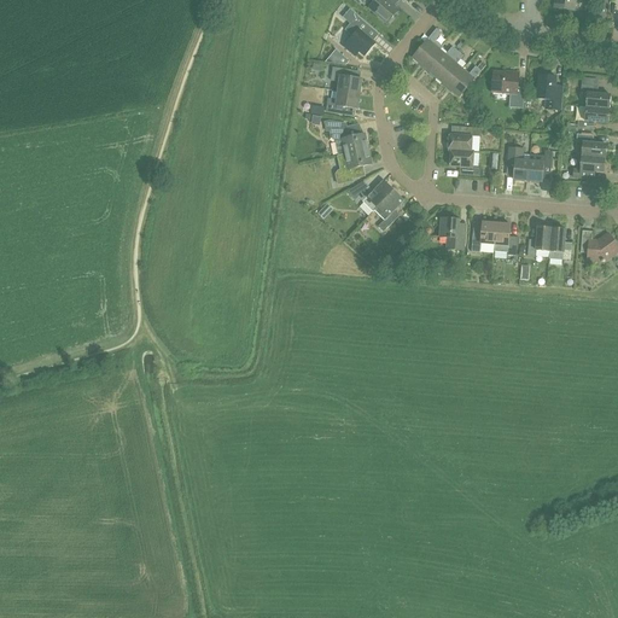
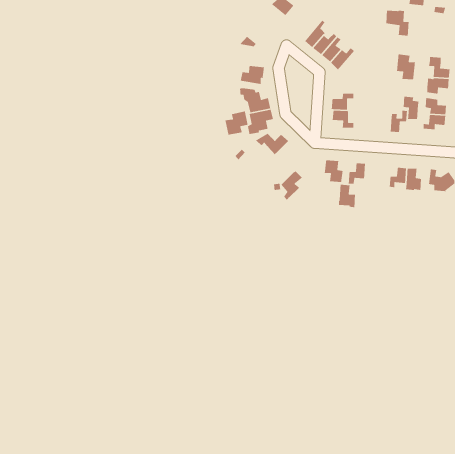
building: [343,7,378,54] -> none
building: [330,65,361,91] -> none
building: [491,70,524,106] -> [385,10,409,36]
building: [507,146,530,179] -> [403,96,420,120]
building: none -> [225,110,249,135]
building: [373,190,403,231] -> [280,171,303,201]
building: [492,221,517,253] -> [338,184,356,208]

